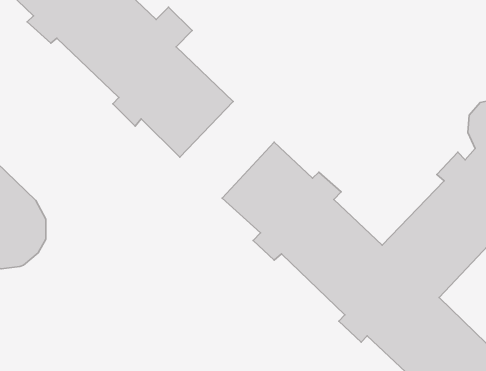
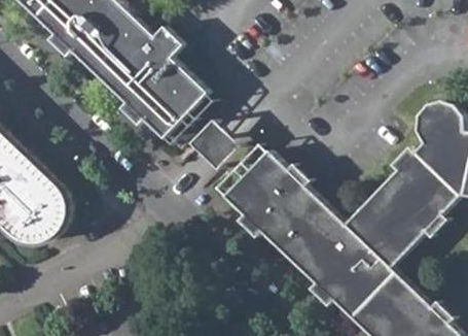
building: none -> [193,120,243,170]

